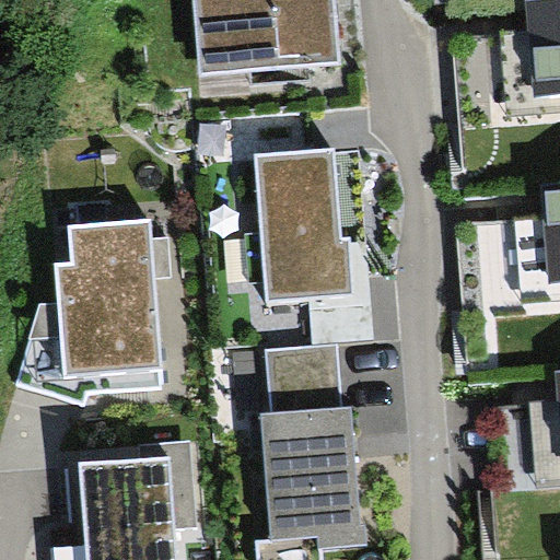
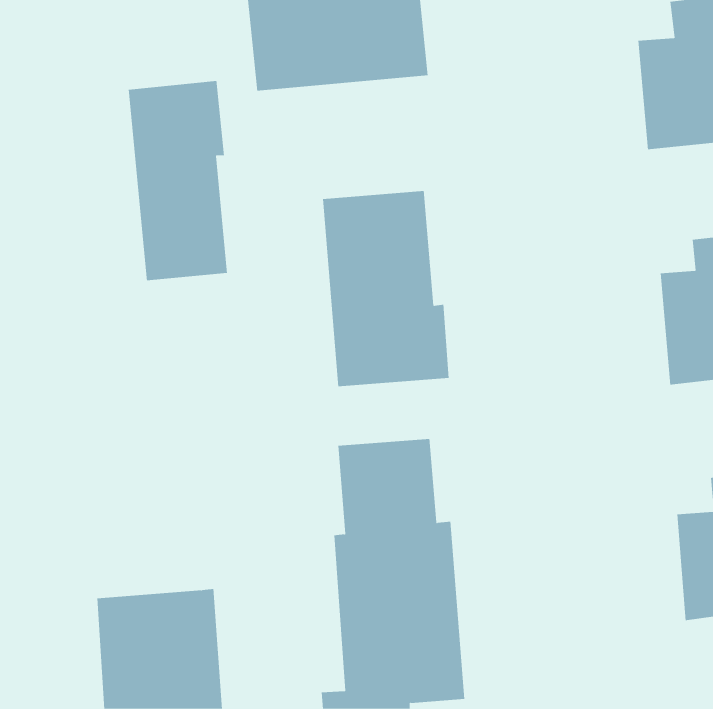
building: none -> [128,80,227,281]
building: [23,220,164,399] -> none

